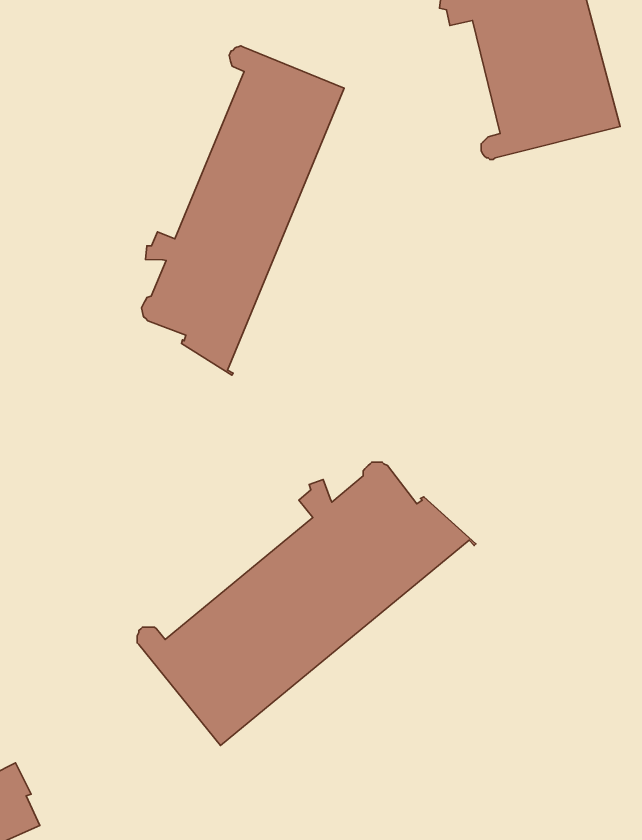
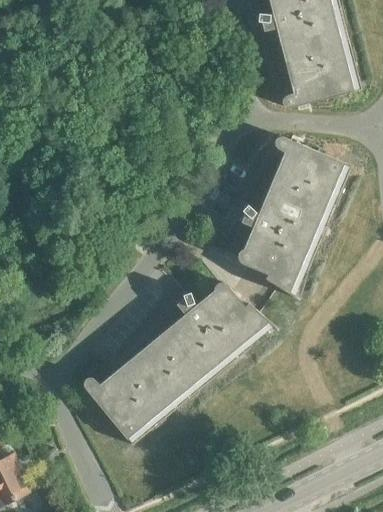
building: [141,46,344,375] -> none
building: none -> [236,136,350,299]

